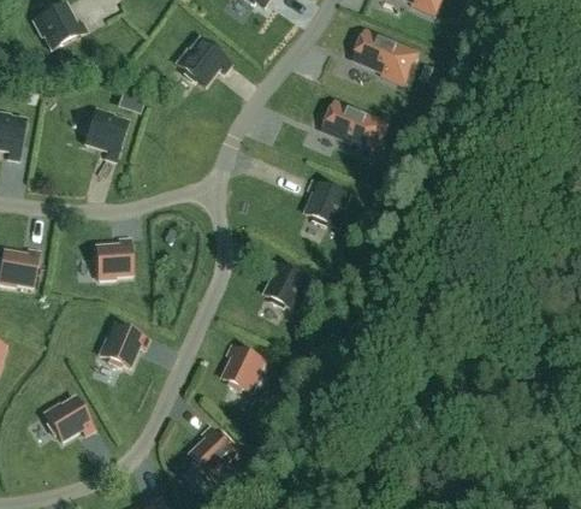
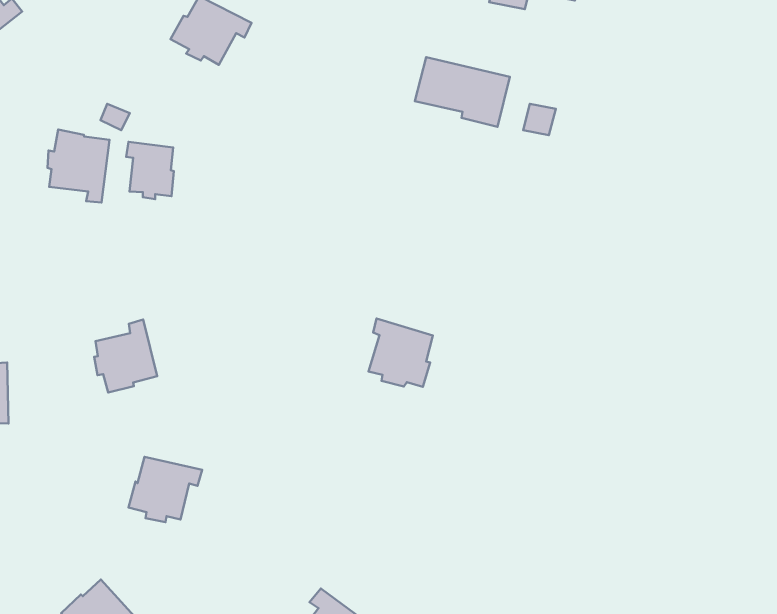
building: none -> [126,142,174,199]
building: [306,179,349,226] -> none
building: [223,344,266,391] -> none

